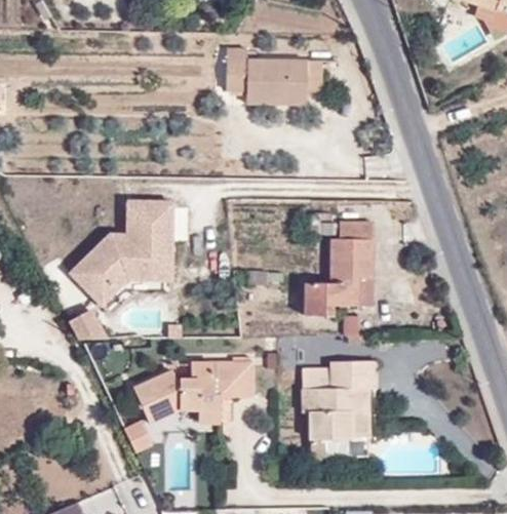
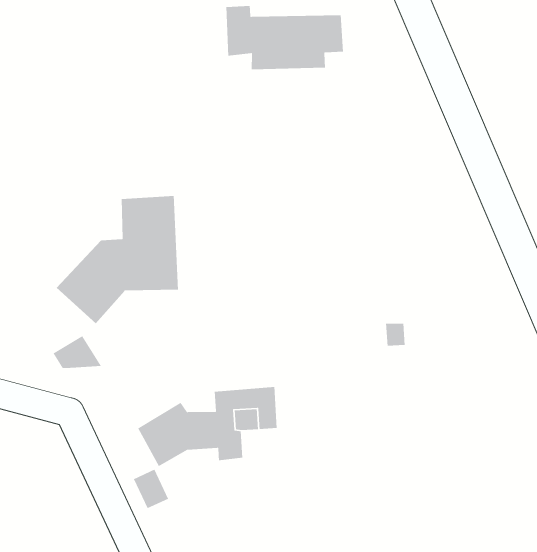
building: [303,223,373,316] -> none
building: [303,360,377,440] -> none

